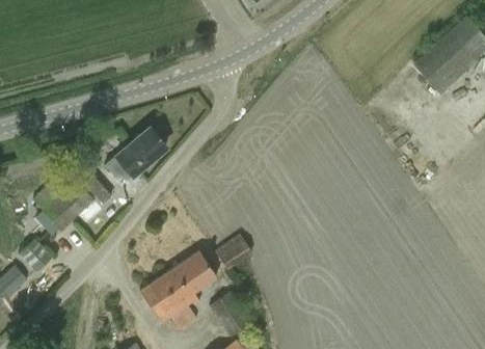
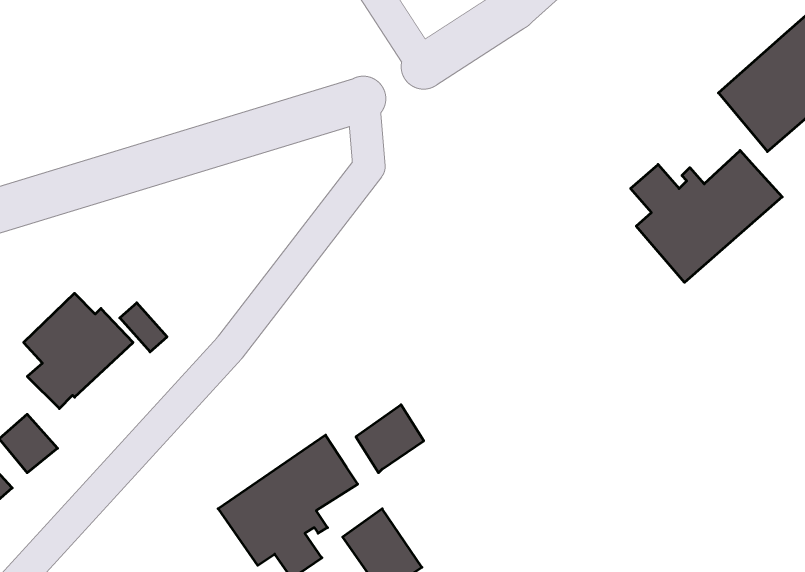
building: none -> [631,150,782,282]
building: [105,129,166,186] -> none

